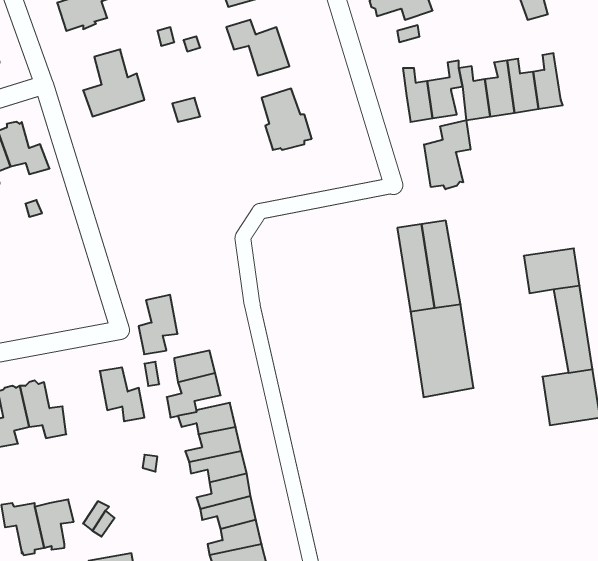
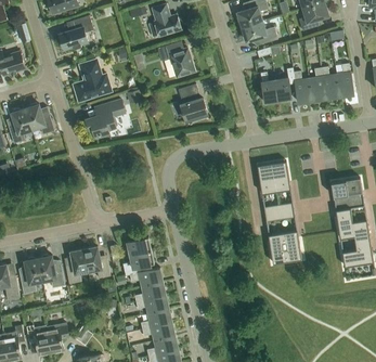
building: none -> [85,99,125,137]
building: [424,120,470,189] -> none
building: none -> [334,201,356,251]
building: [139,295,178,354] -> [65,248,88,283]

